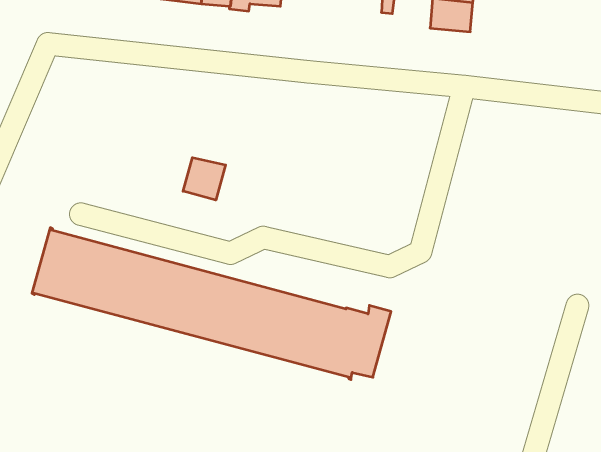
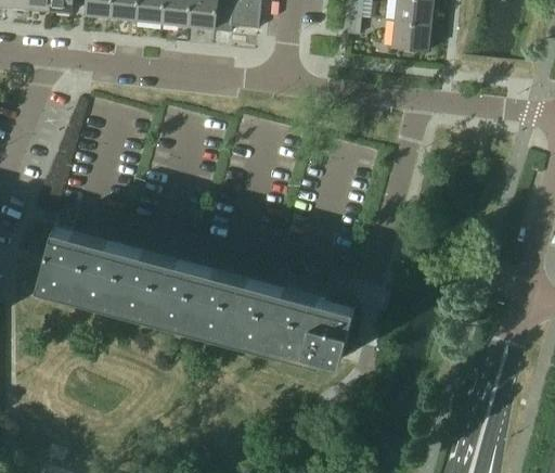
building: [183,158,226,200] -> none

